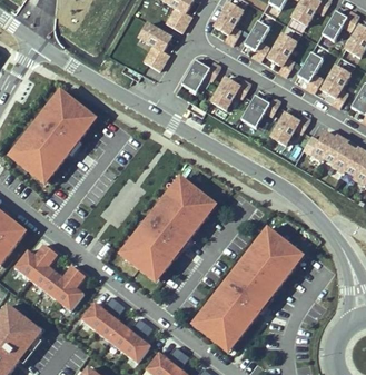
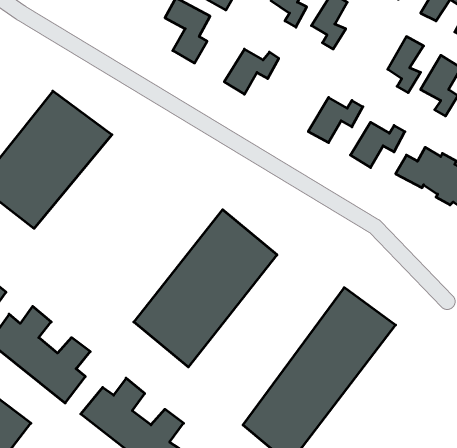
building: [267,33,295,76] -> none
building: [210,77,249,110] -> none

